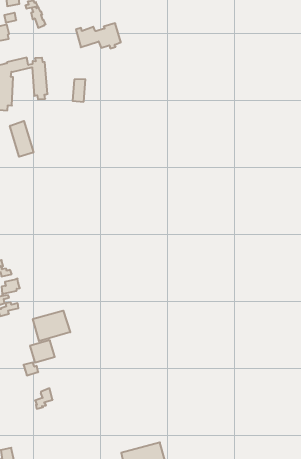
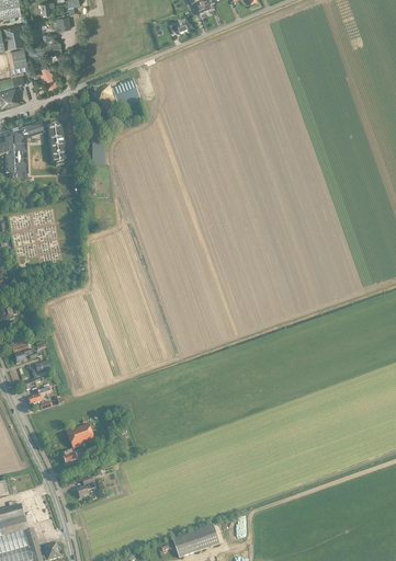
building: [10,121,33,157] -> none
building: [33,311,70,341] -> none

